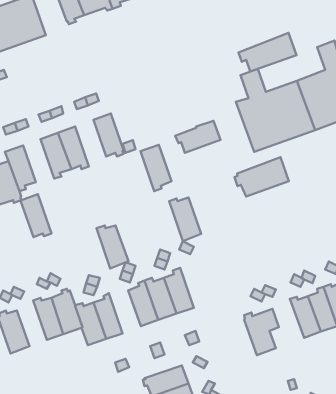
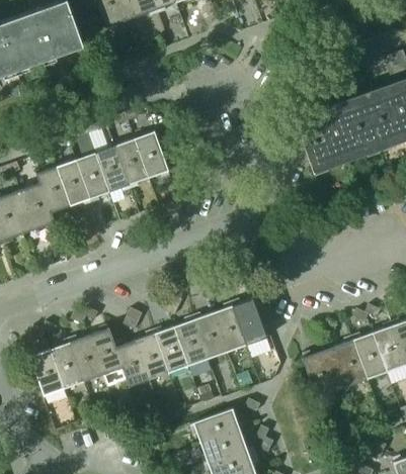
building: [238,33,297,72] -> none
building: [175,121,220,153] -> none
building: [141,145,172,191] -> [114,137,149,189]
building: [234,157,289,197] -> none
building: [21,194,52,237] -> [57,159,91,206]
building: [169,198,201,241] -> [231,297,266,346]
building: [96,225,128,268] -> [152,326,187,374]
building: none -> [330,336,369,390]
building: none -> [50,338,83,388]

